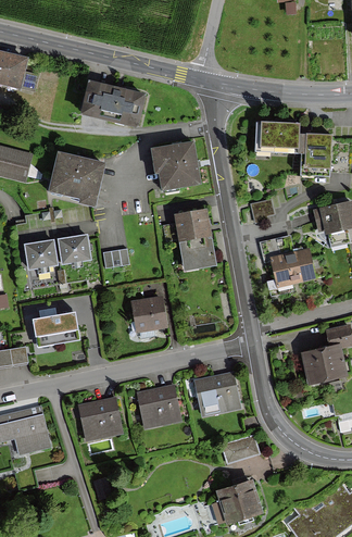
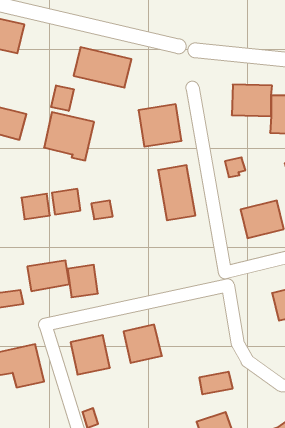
building: none -> [51,85,74,111]
building: [133,297,166,333] -> [67,265,98,297]
building: [194,373,241,416] -> none

